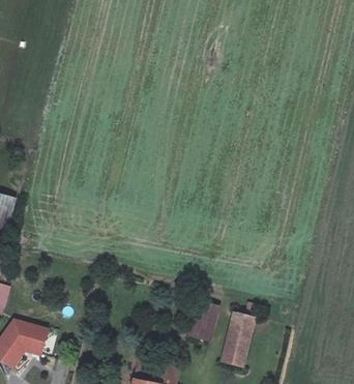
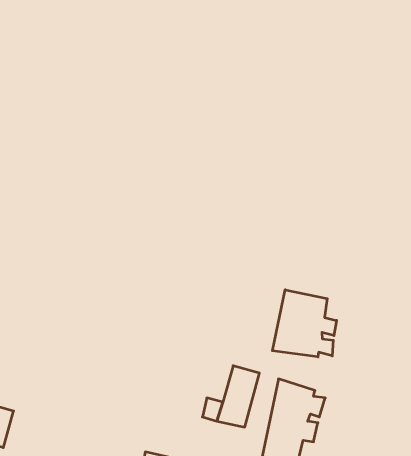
building: none -> [272,290,337,357]

